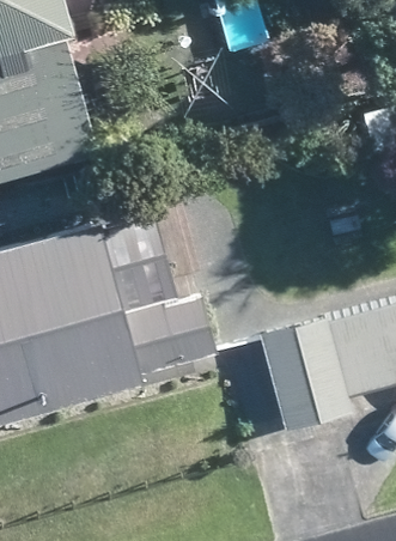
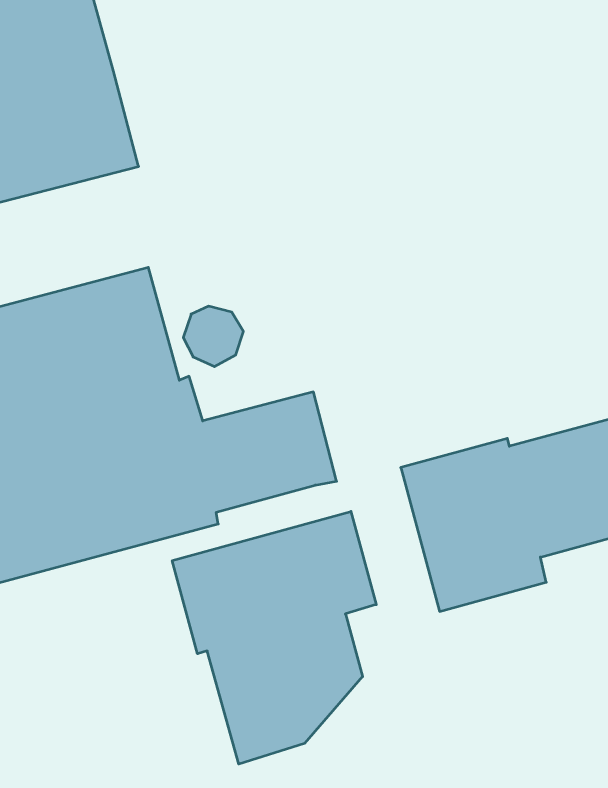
building: none -> [172,511,376,764]

